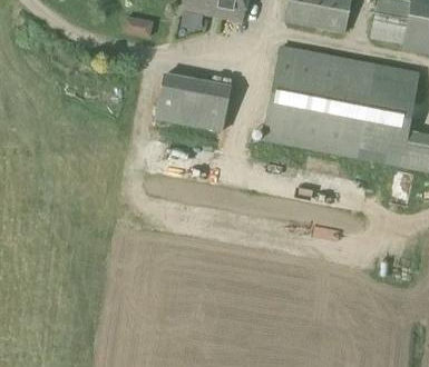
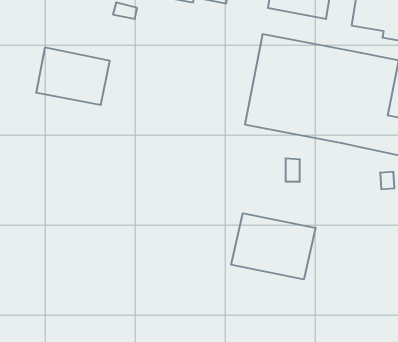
building: [155,73,230,131] -> [36,48,110,105]
building: none -> [231,213,316,279]

